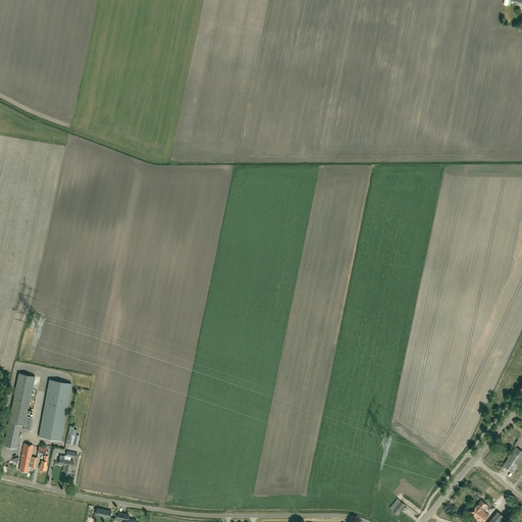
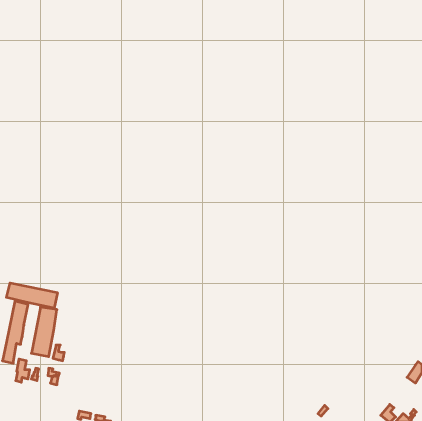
building: none -> [6,283,57,308]

